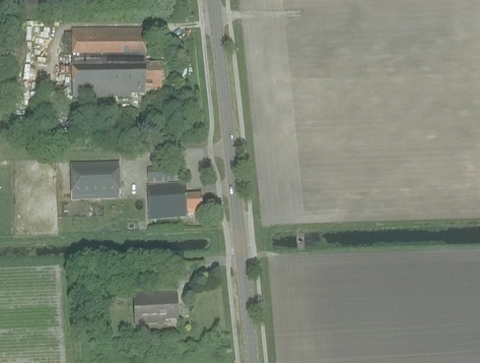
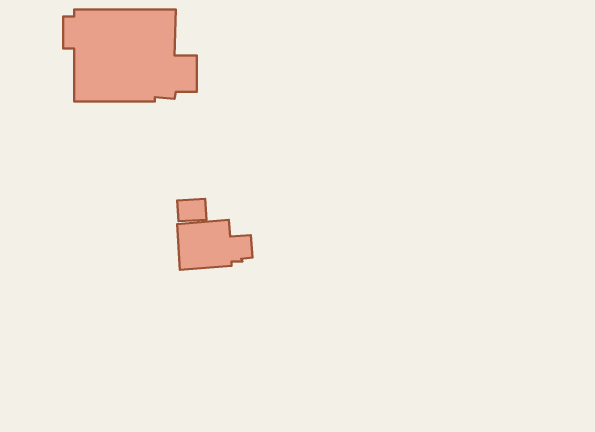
building: [71,161,119,197] -> none
building: [134,290,177,323] -> none

